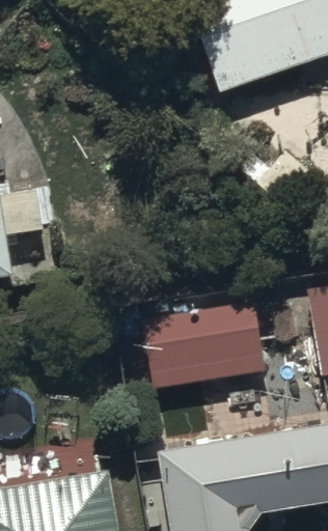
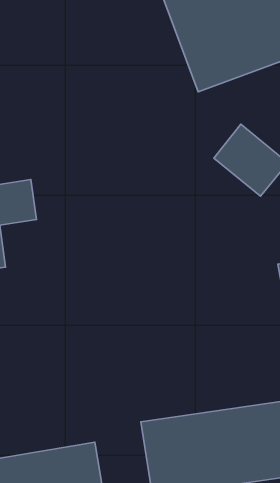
building: [139,291,265,381] -> none

